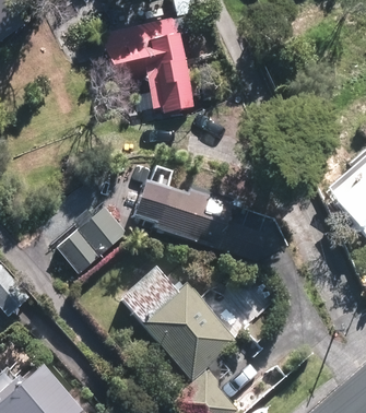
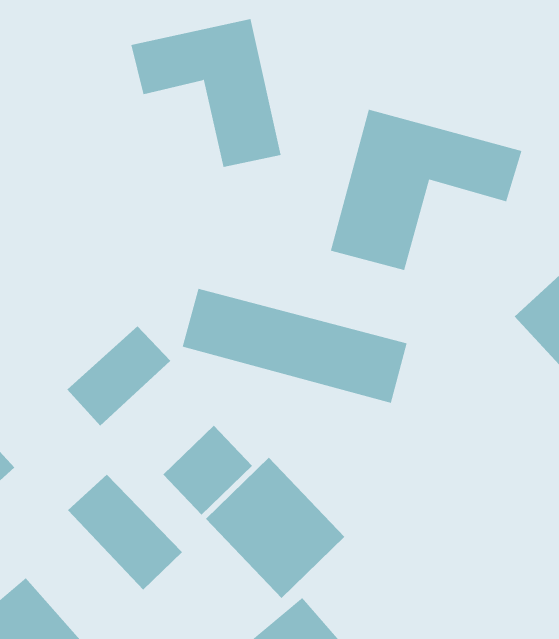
building: none -> [330,109,522,271]
building: none -> [67,474,183,590]

